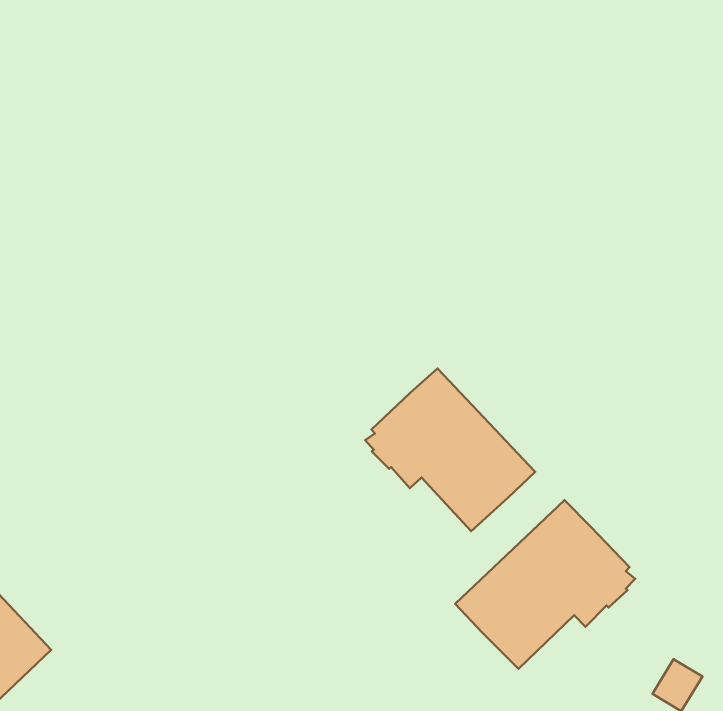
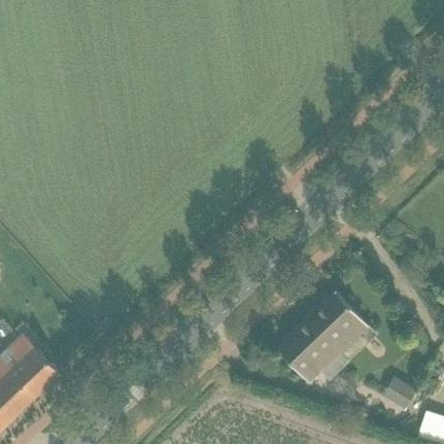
building: [365,368,535,531] -> none

